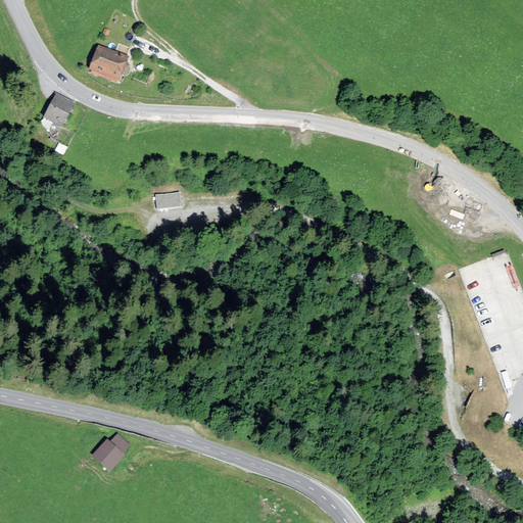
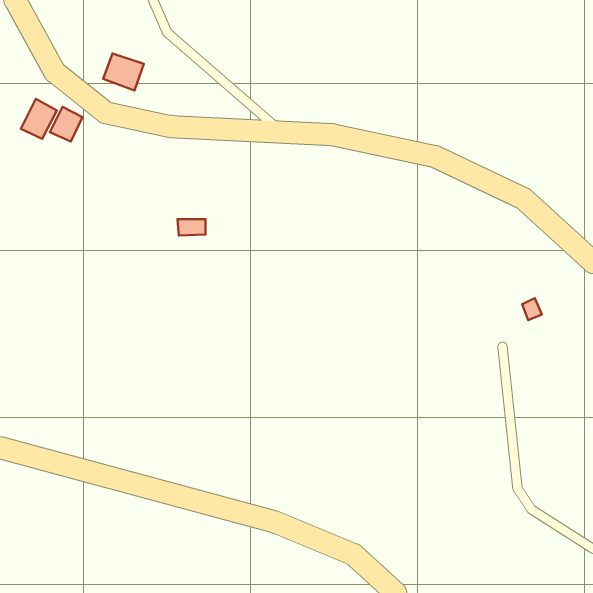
building: none -> [21,99,57,139]
building: [92,434,130,473] -> none

